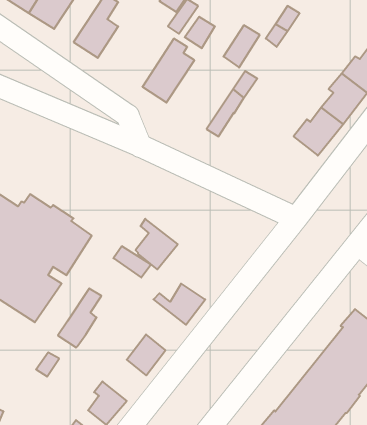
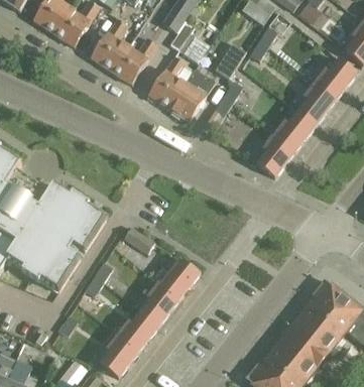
building: none -> [110,36,157,83]
building: none -> [167,68,214,121]
building: none -> [256,135,293,176]
building: [136,219,178,269] -> [148,271,184,313]
building: none -> [114,321,150,356]

